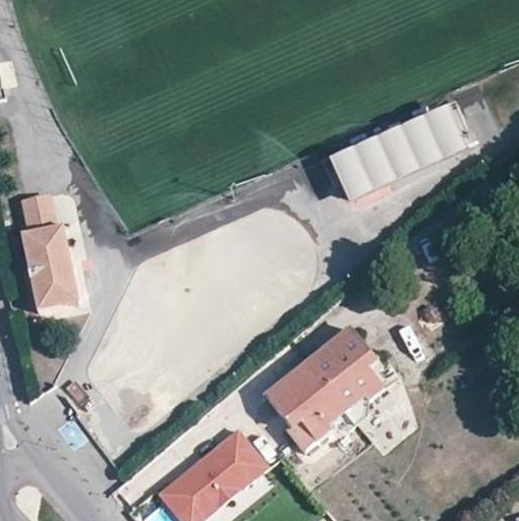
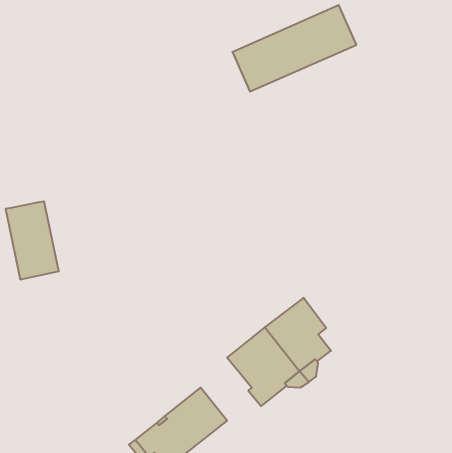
building: [331,101,468,196] -> [232,5,356,91]
building: [20,193,56,231] -> none

